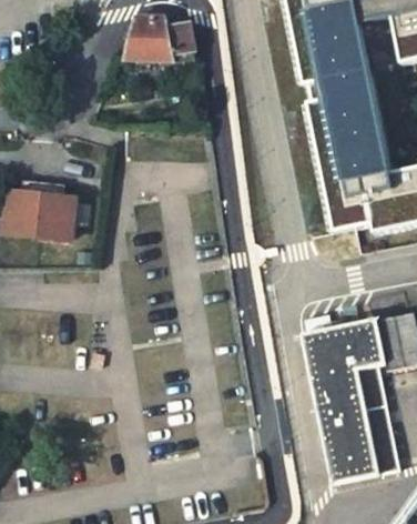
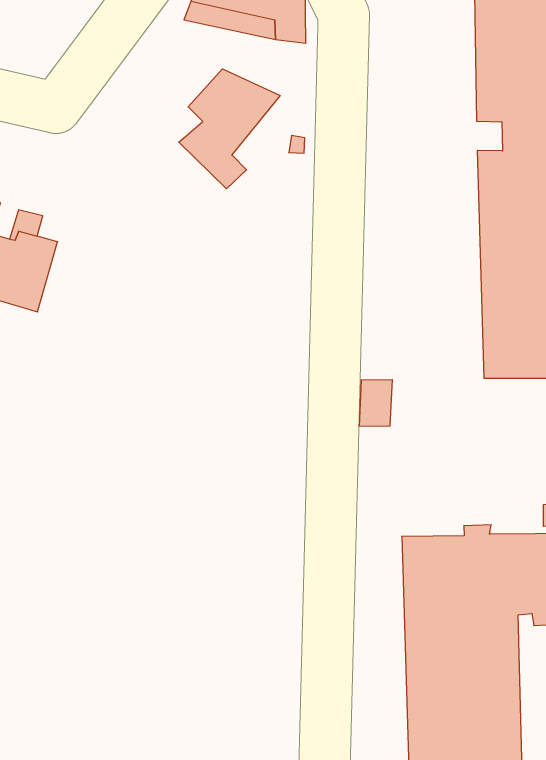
building: none -> [179,69,280,189]

